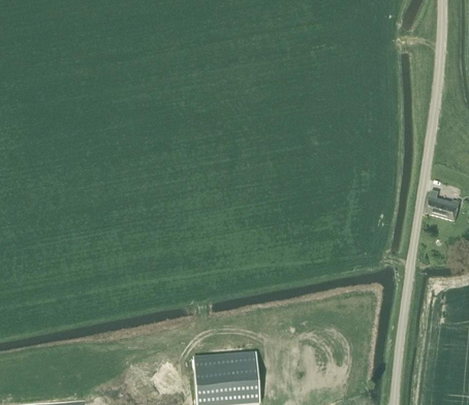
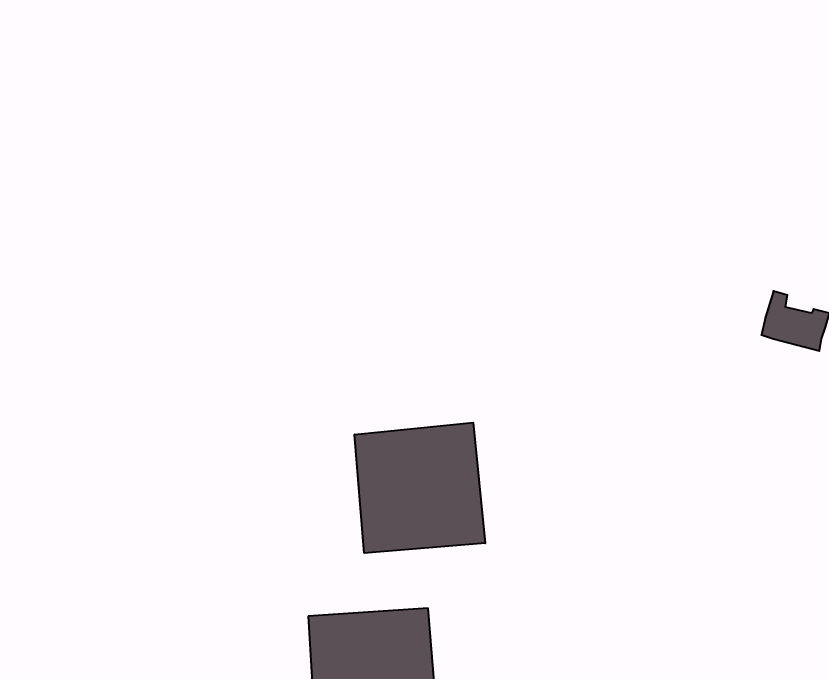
building: none -> [355,423,485,553]

